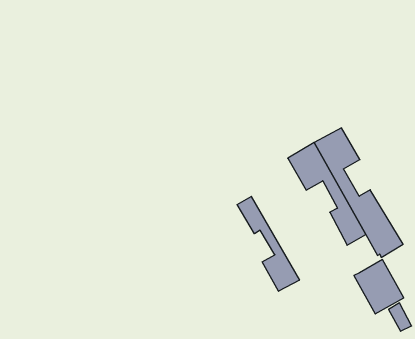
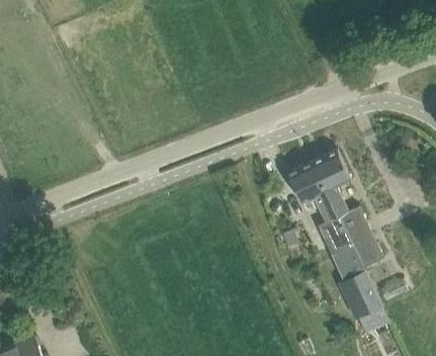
building: [237,196,299,291] -> none

